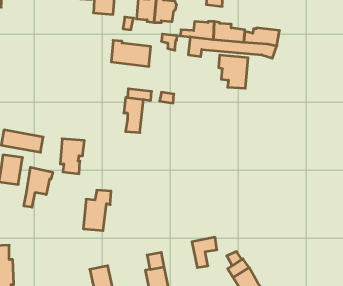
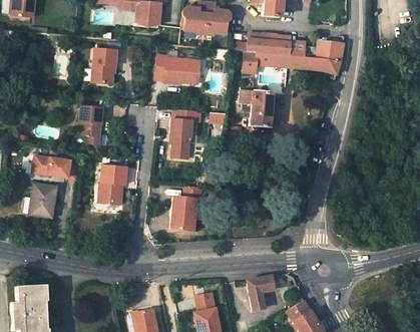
building: none -> [91,48,116,84]
building: [219,55,248,88] -> [240,89,273,126]
building: none -> [77,106,101,145]
building: [24,167,53,207] -> none
building: [83,190,111,231] -> [171,186,202,231]

